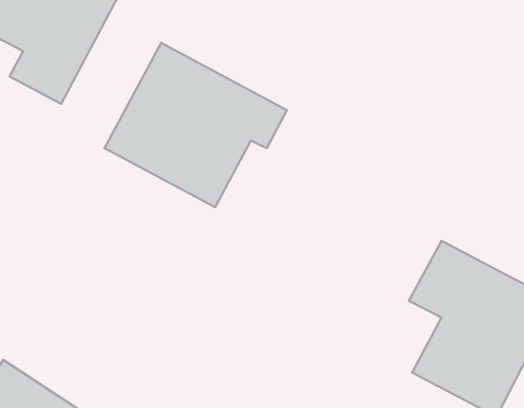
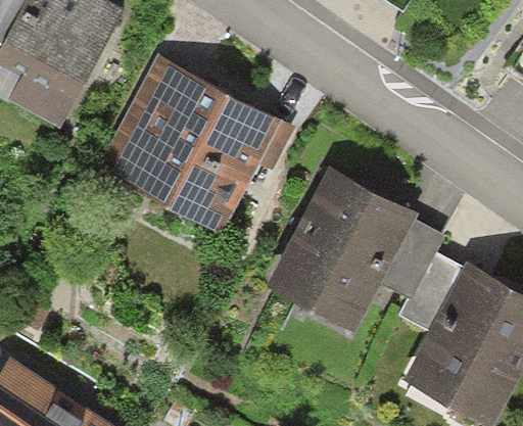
building: none -> [270,173,439,324]

